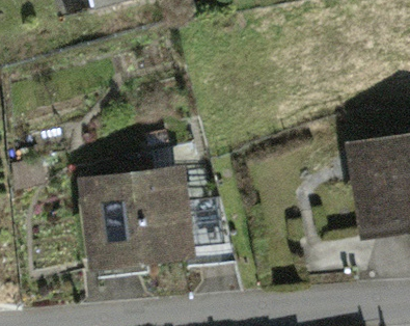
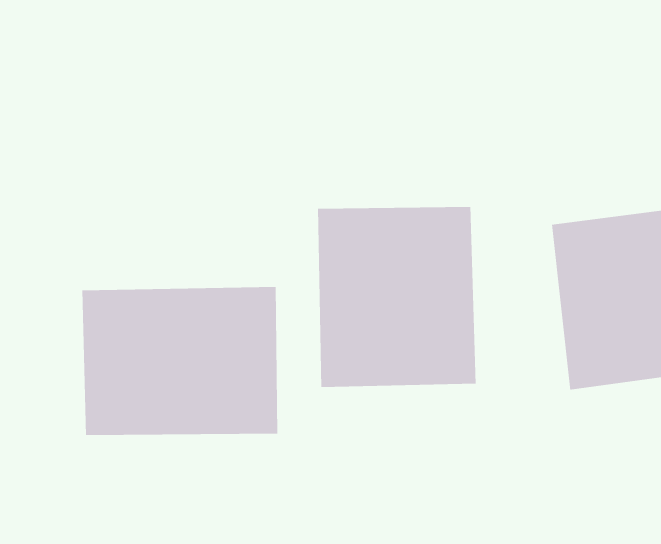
building: none -> [318,206,476,388]

